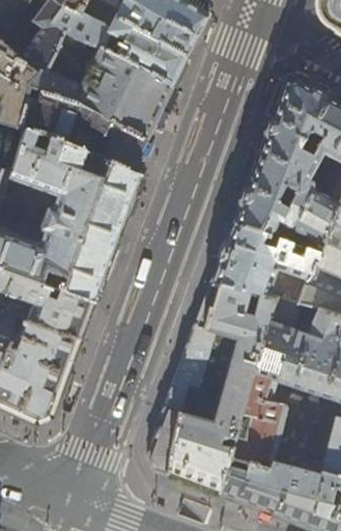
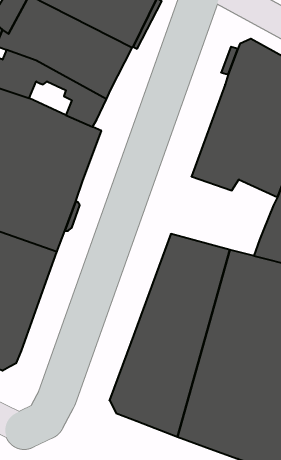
building: [212,221,320,304] -> none

